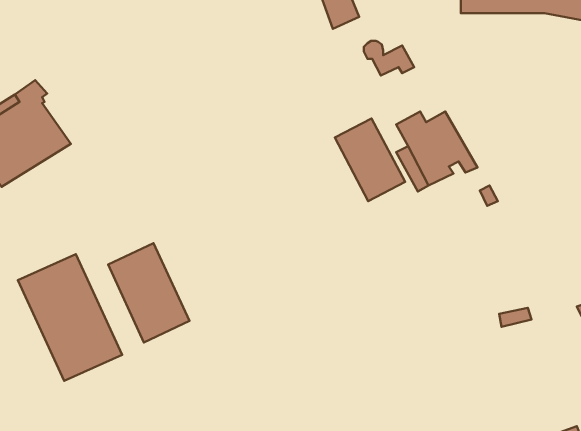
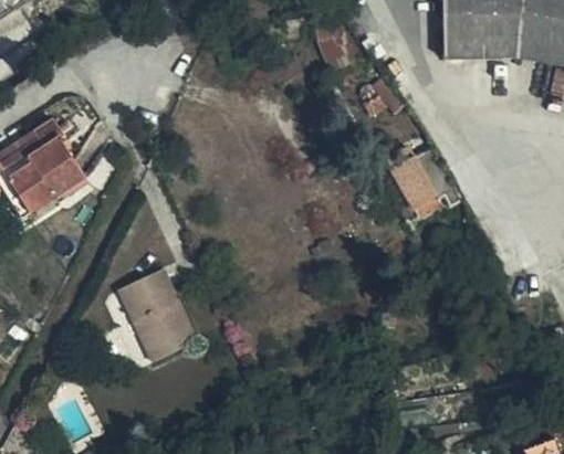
building: [335,118,405,201] -> none
building: [18,254,122,381] -> none

